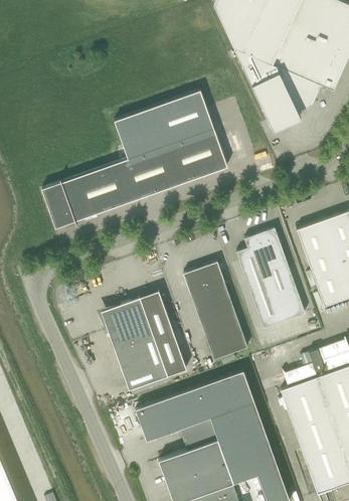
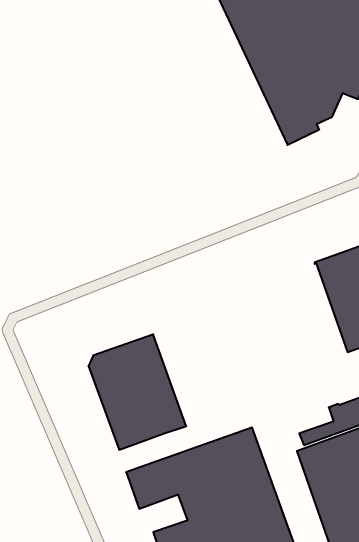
building: [42,91,228,228] -> none
building: [236,227,306,328] -> none
building: [183,263,247,359] -> none

